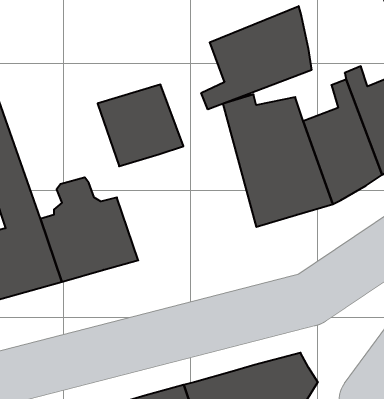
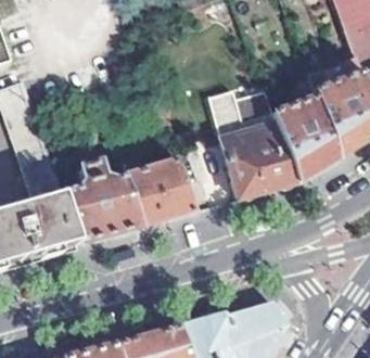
building: [201,6,311,109] -> none
building: [98,85,183,166] -> [123,161,192,227]

